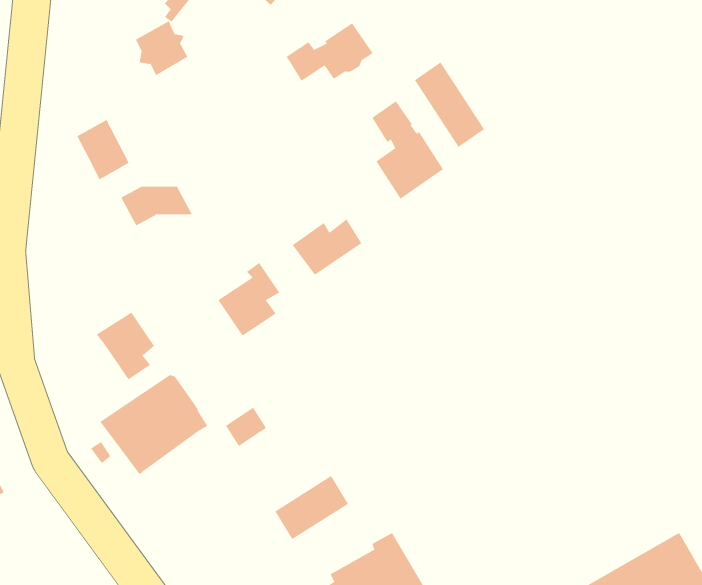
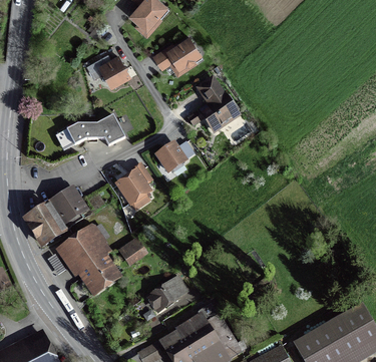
building: [135,21,188,76] -> [100,57,128,86]
building: [414,62,485,148] -> none
building: [76,119,130,180] -> [96,115,124,147]
building: none -> [26,206,70,245]
building: none -> [78,254,123,297]

